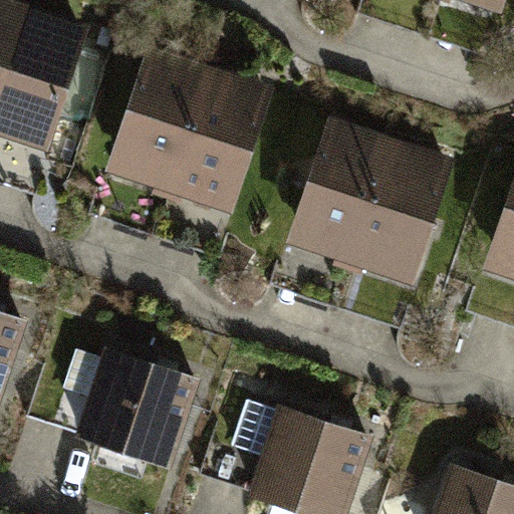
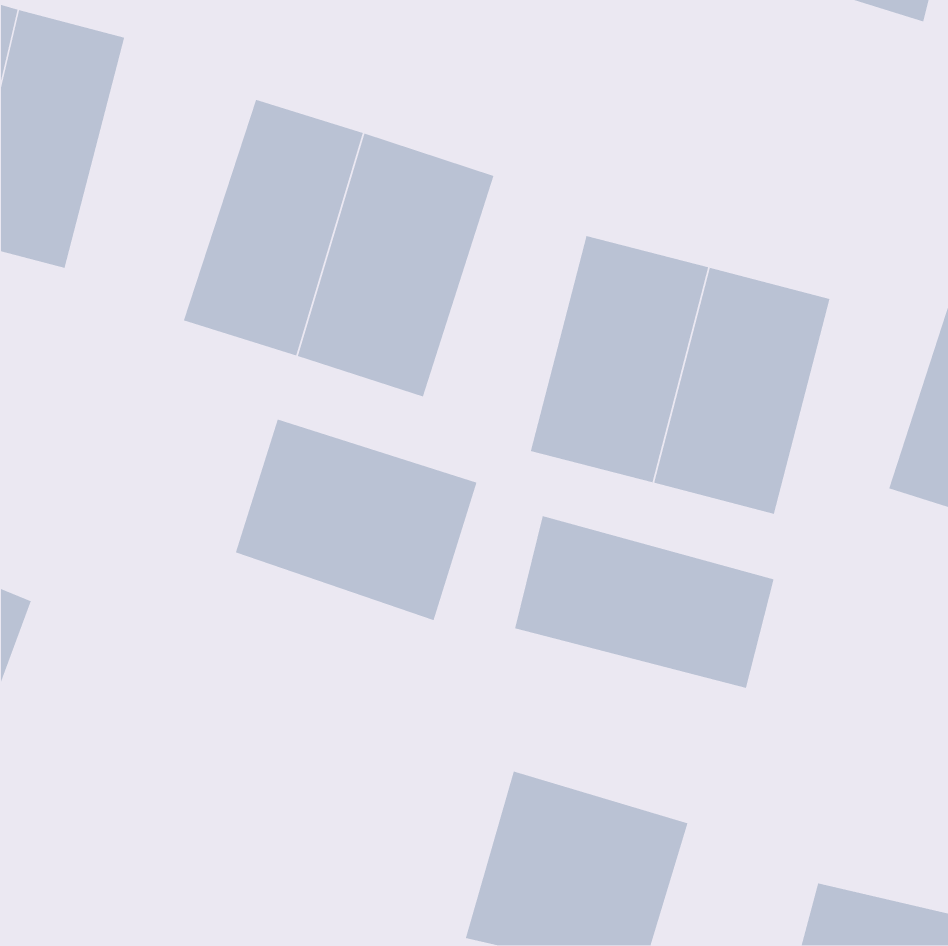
building: none -> [235,418,478,621]
building: none -> [514,515,774,689]
building: [75,349,196,466] -> none

